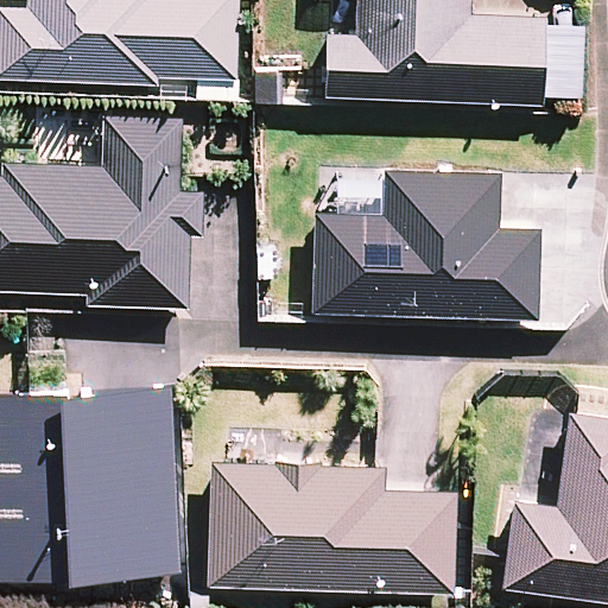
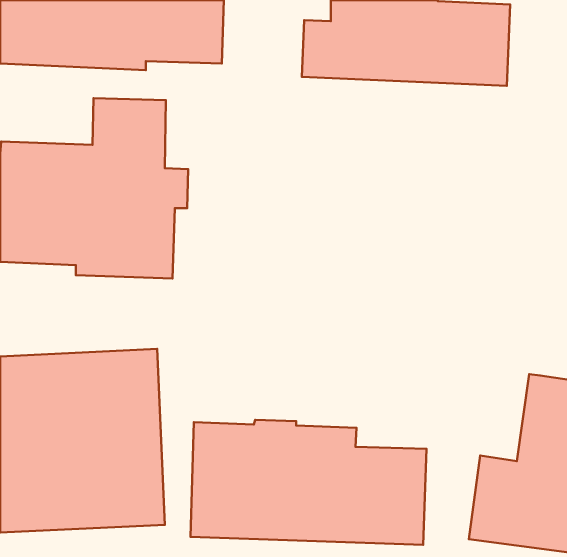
building: [312,171,539,319] -> none

